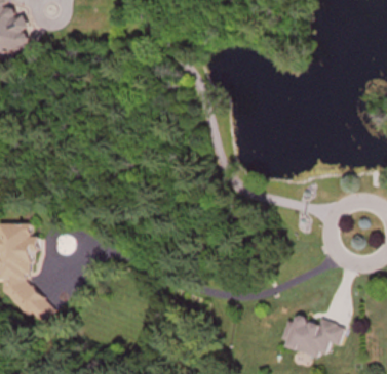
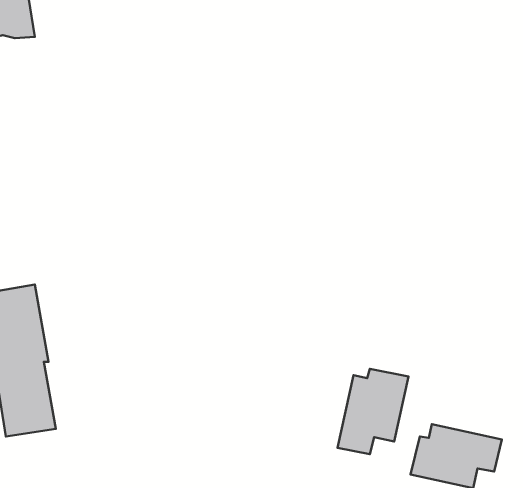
building: none -> [337,369,409,454]

